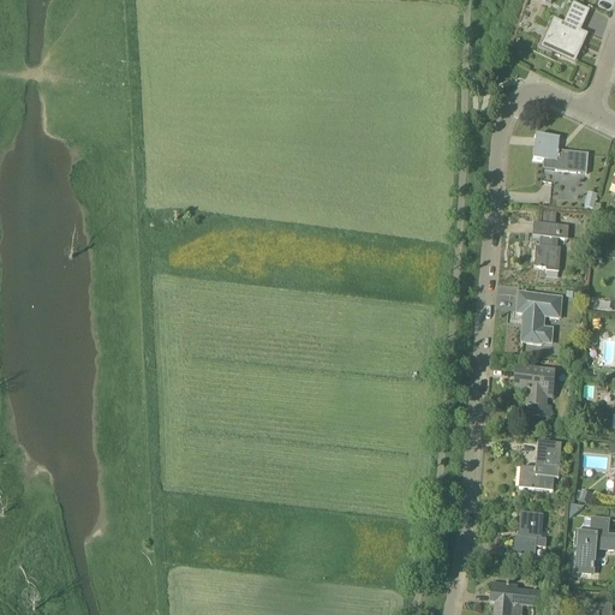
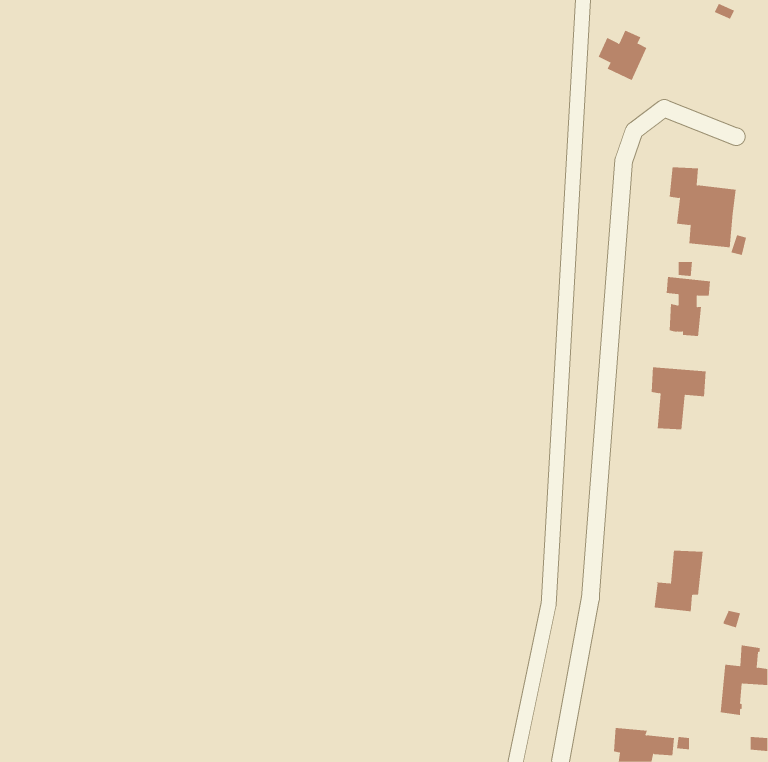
building: [545,17,585,58] -> [598,30,647,81]
building: [514,366,554,414] -> none
building: [513,509,543,555] -> none

